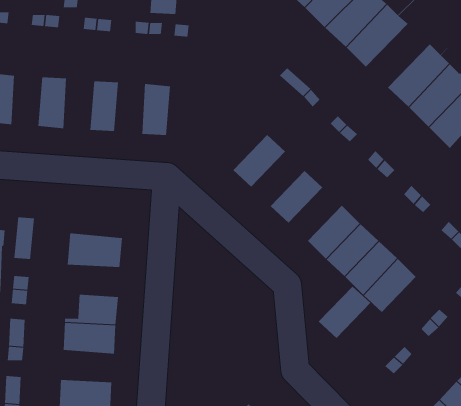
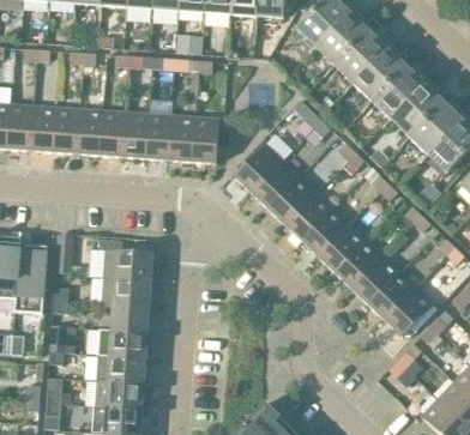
building: none -> [370,53,434,119]
building: none -> [53,108,79,153]
building: none -> [100,110,126,157]
building: none -> [145,114,171,161]
building: none -> [192,117,218,163]
building: none -> [234,144,282,193]
building: none -> [267,176,315,225]
building: none -> [301,209,349,256]
building: none -> [101,278,150,307]
building: [318,286,371,339] -> [385,289,433,337]
building: none -> [96,355,145,383]

